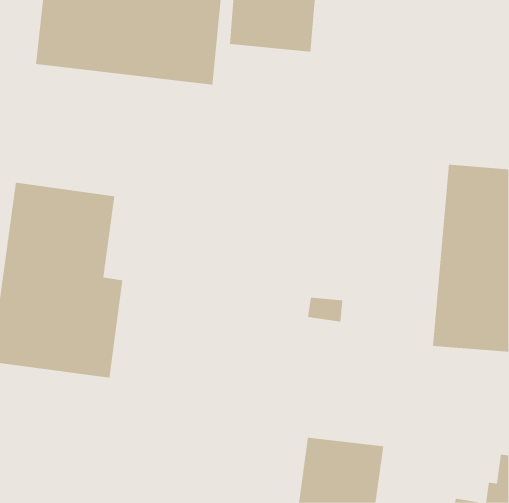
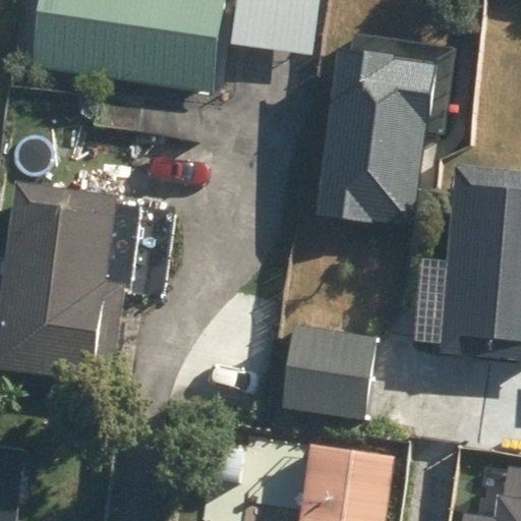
building: none -> [319,51,436,221]
building: none -> [280,326,374,418]

